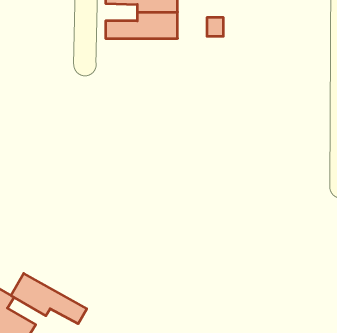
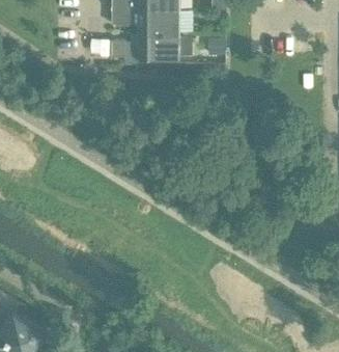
building: [11,273,87,324] -> none

